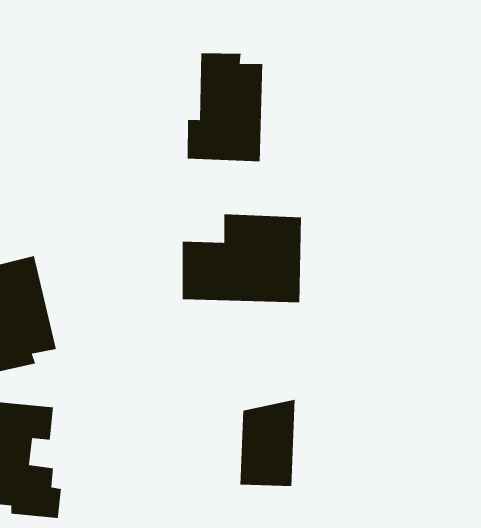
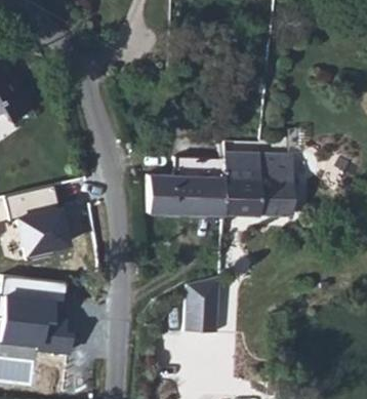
building: [187,53,263,162] -> none
building: none -> [223,152,294,216]

